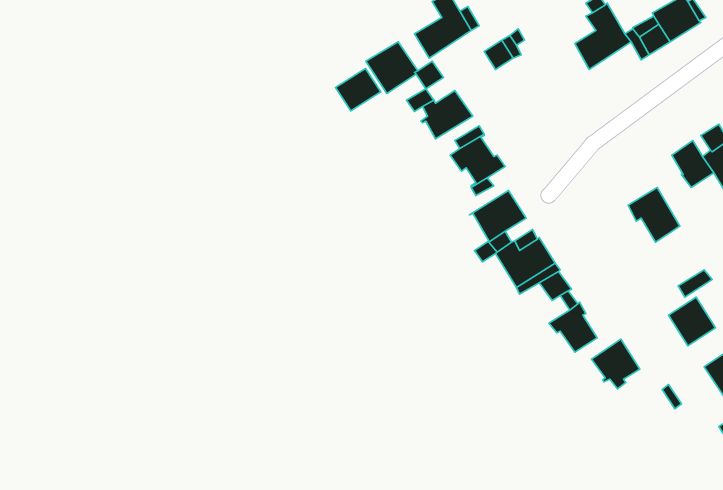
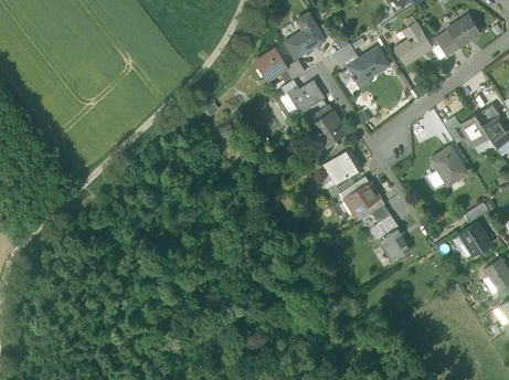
building: none -> [340,46,389,85]
building: [336,68,381,111] -> none
building: [592,339,640,389] -> none

